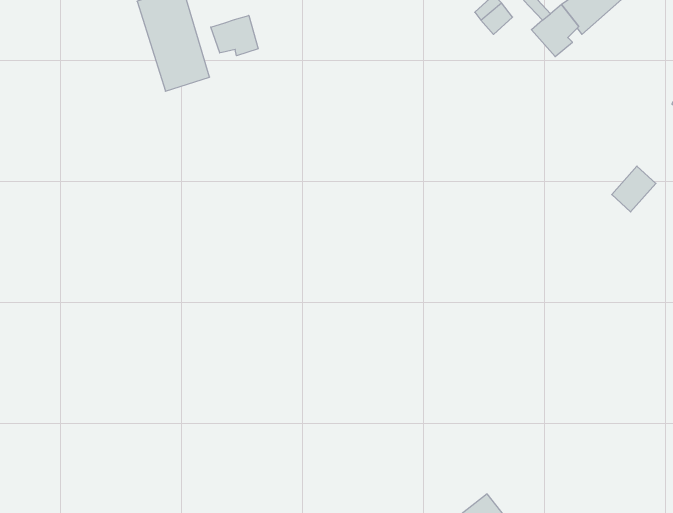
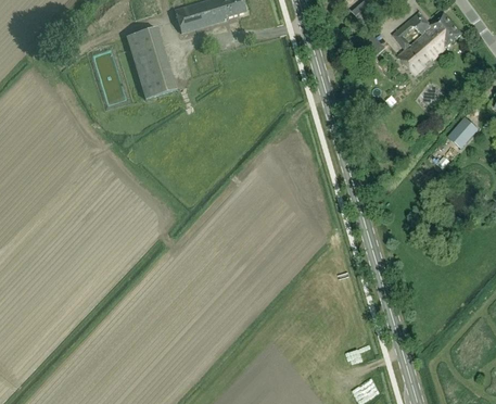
building: [211,15,258,56] -> none
building: [612,166,656,212] -> [447,116,478,148]

